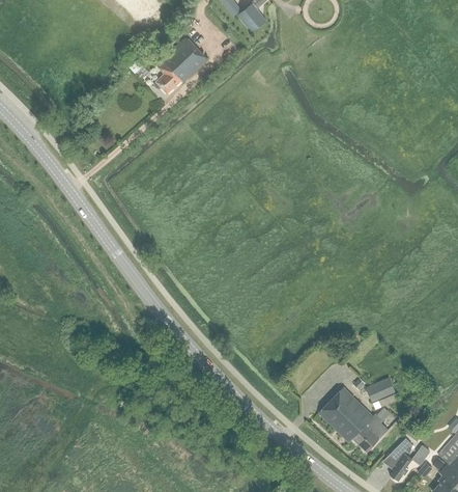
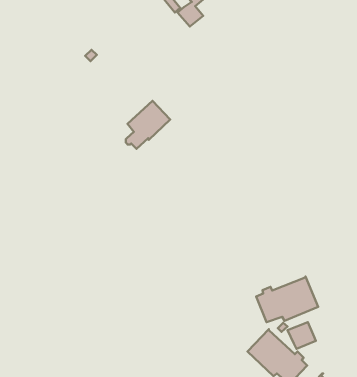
building: [154,37,206,93] -> [126,101,170,149]
building: none -> [256,277,318,322]

